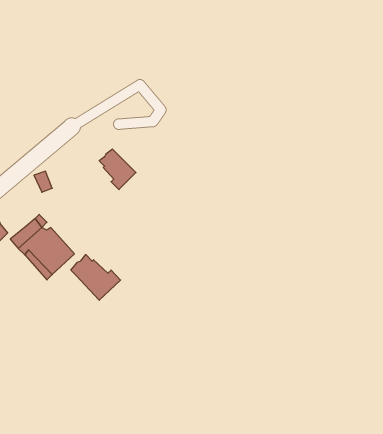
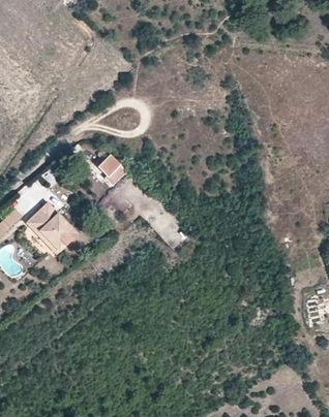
building: [71,255,121,300] -> none

